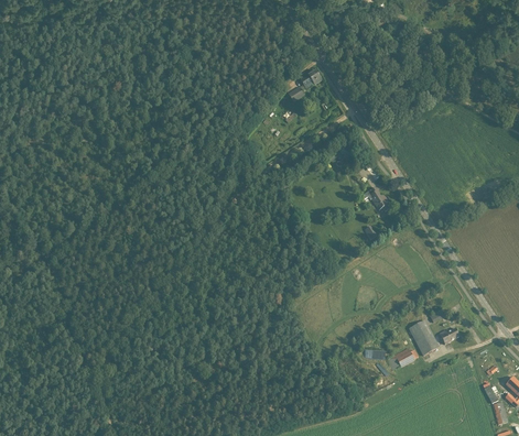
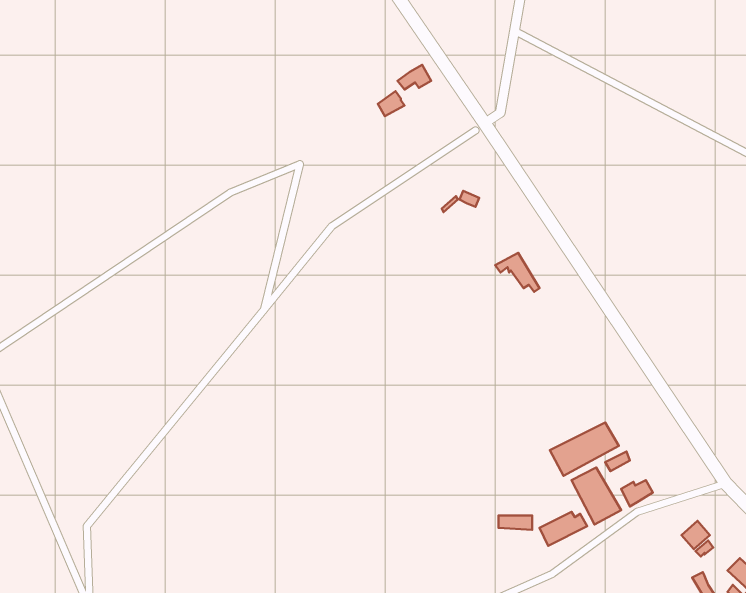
building: none -> [550,422,619,476]

